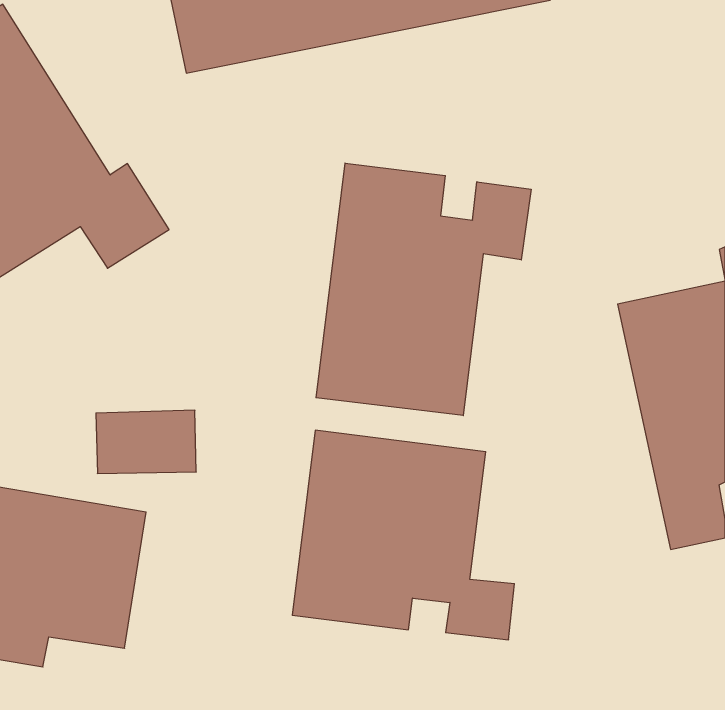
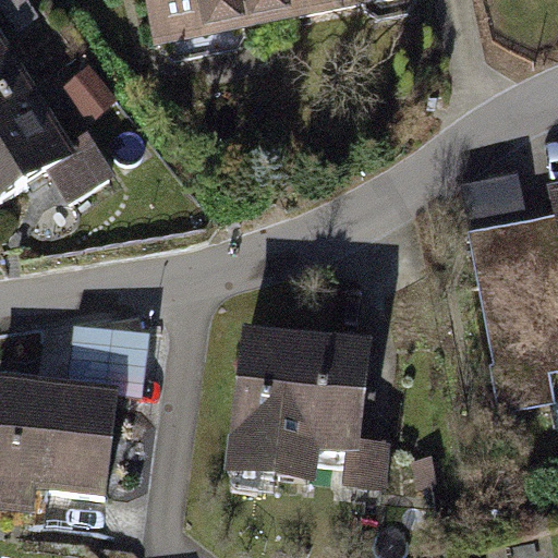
building: [316,163,531,416] -> none

